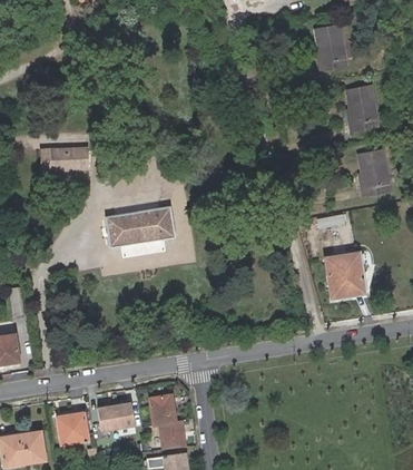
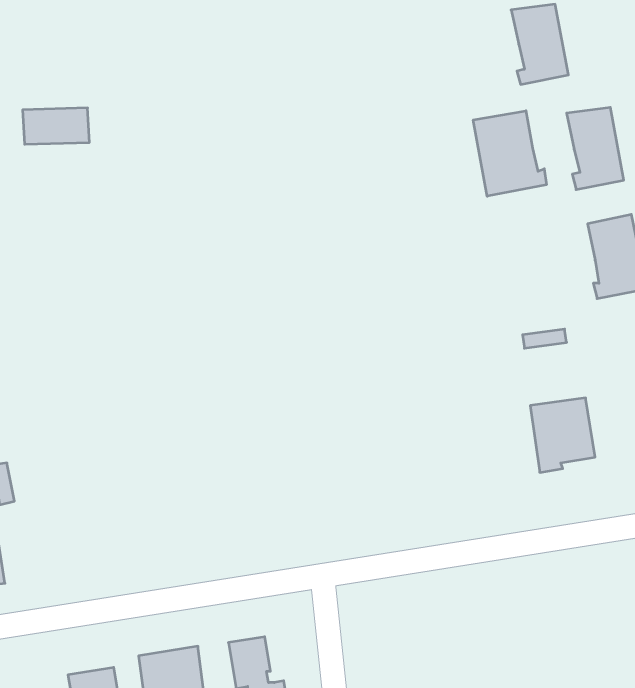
building: none -> [473,111,546,196]
building: [50,148,89,169] -> [23,108,89,144]
building: [105,206,174,247] -> none

